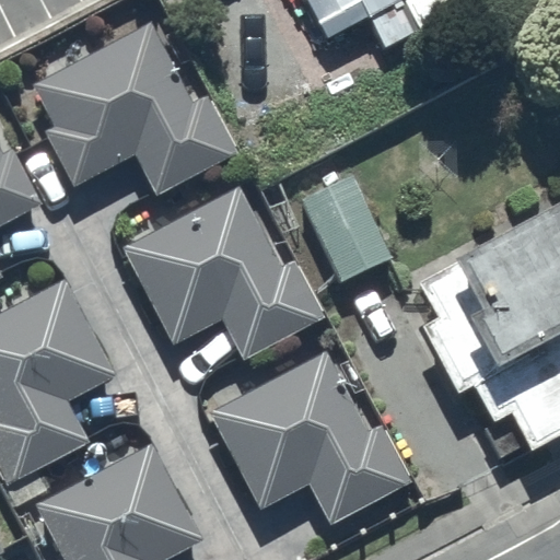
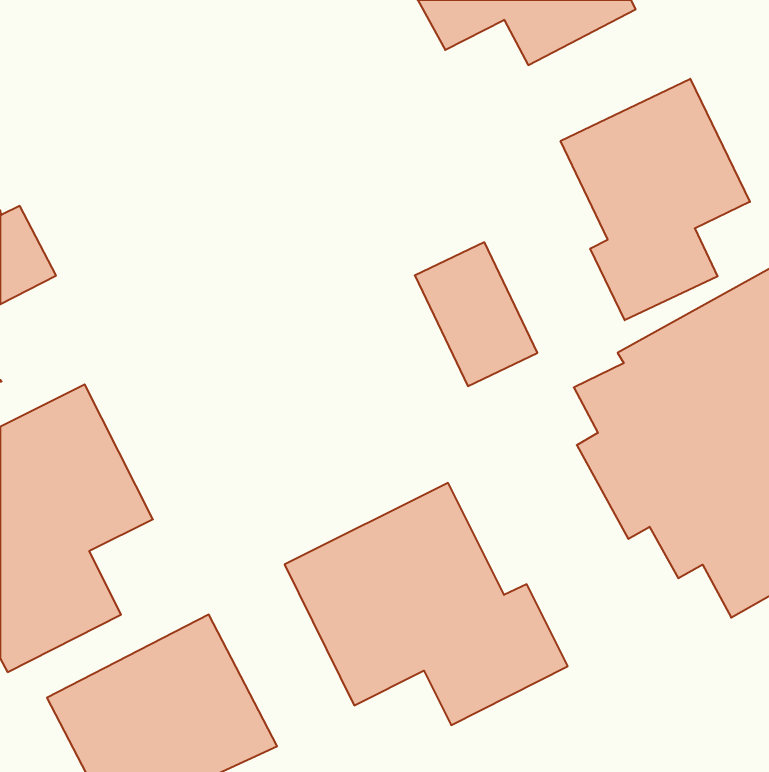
building: [32,23,237,195] -> none
building: none -> [561,79,750,320]
building: [121,186,324,360] -> none

